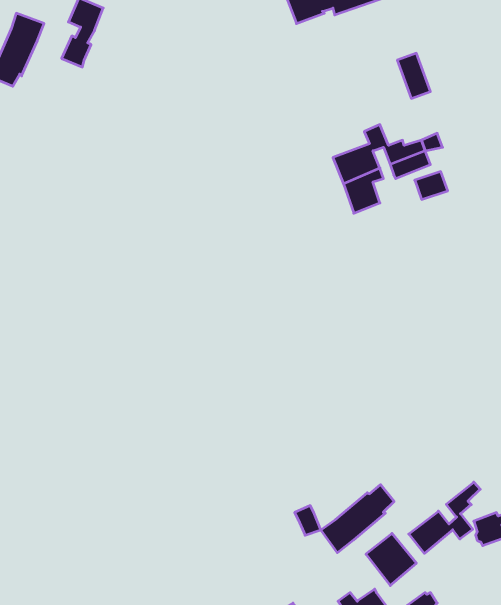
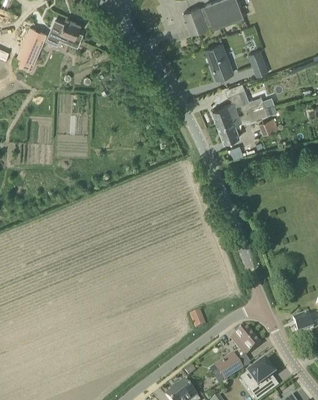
building: none -> [206,41,232,76]
building: [409,482,480,553] -> none
building: [321,485,394,553] -> none

